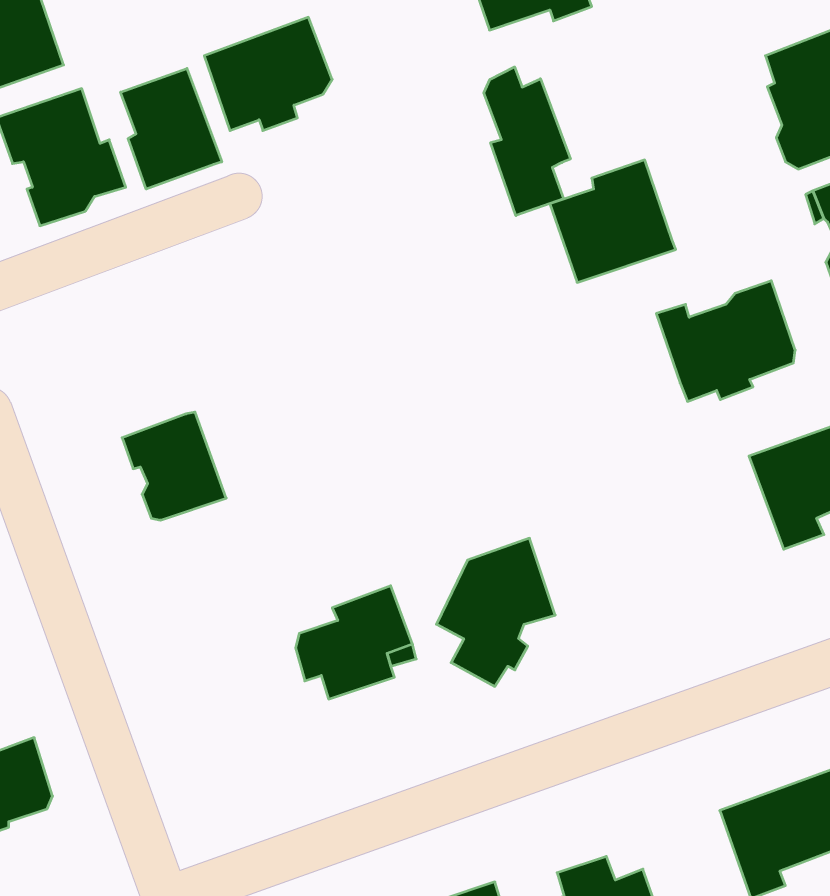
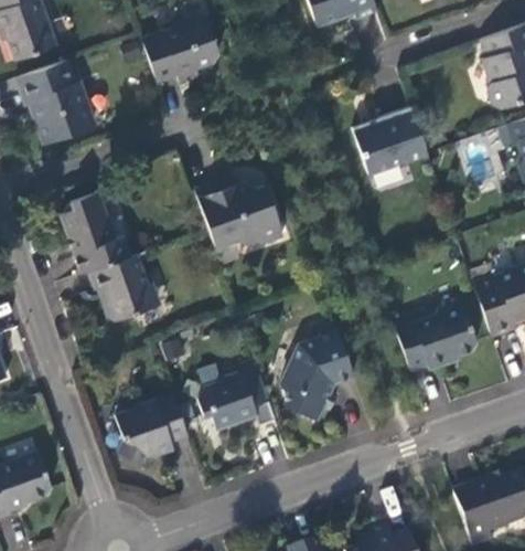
building: [484,67,570,216] -> none
building: [121,68,222,189] -> none
building: [656,281,795,401] -> [392,300,475,373]
building: none -> [194,178,285,247]
building: none -> [61,193,131,274]
building: none -> [117,395,189,463]

